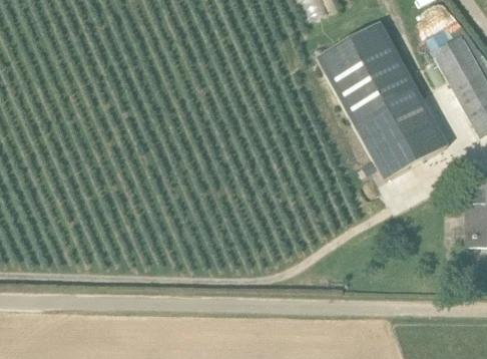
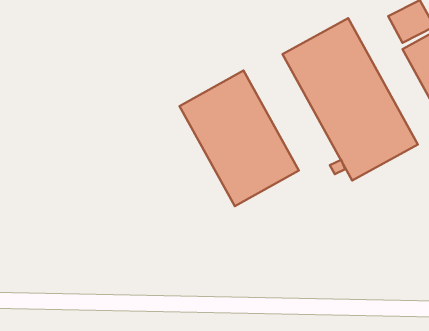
building: none -> [180,70,299,206]

